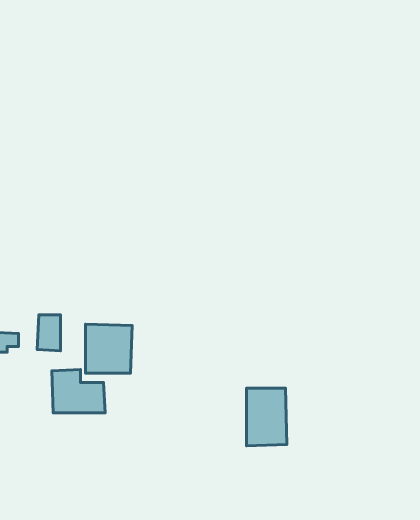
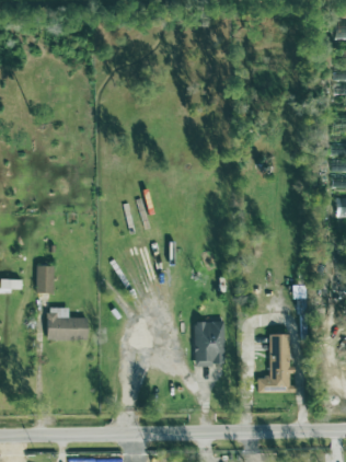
building: [86,324,132,373] -> none
building: none -> [258,333,293,392]

